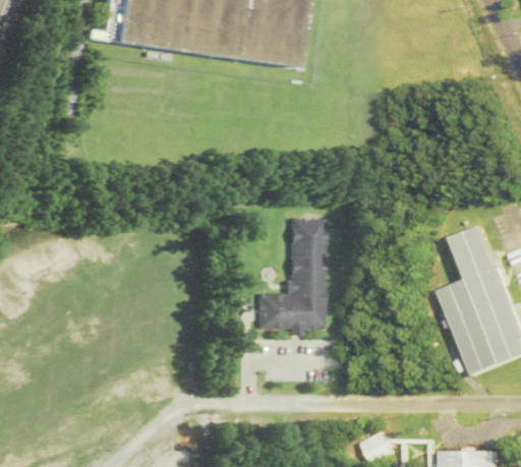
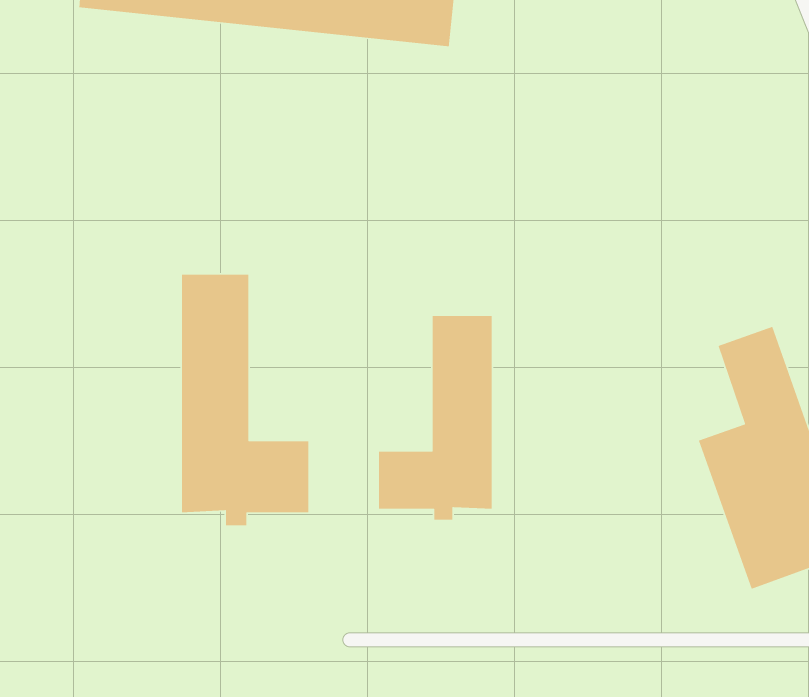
building: none -> [181,274,309,526]

